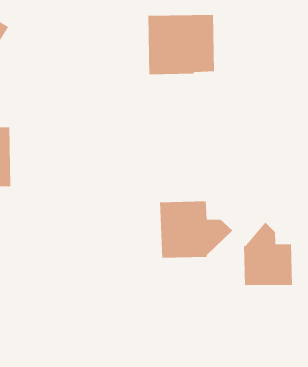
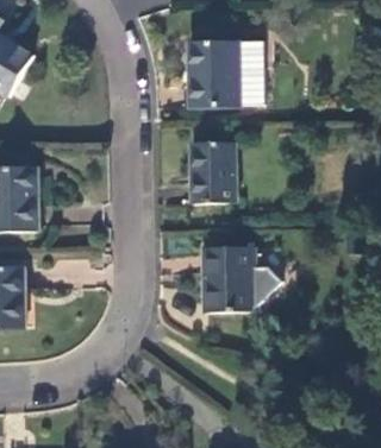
building: none -> [192,143,235,204]
building: [243,221,293,286] -> none

